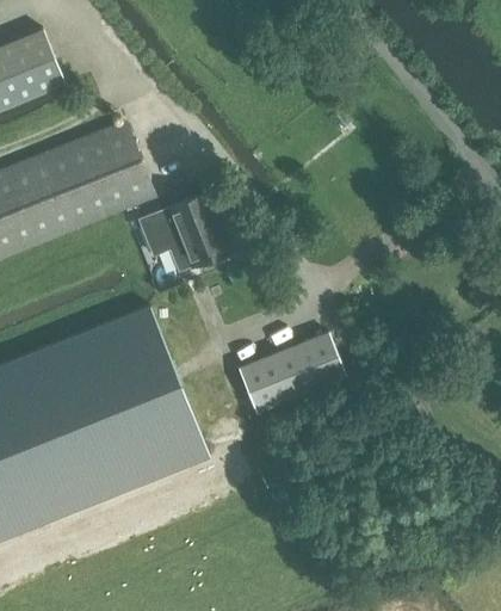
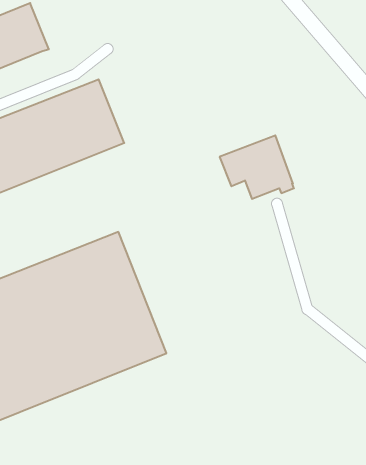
building: [138,193,229,271] -> [220,135,294,199]
building: [239,333,346,413] -> none

